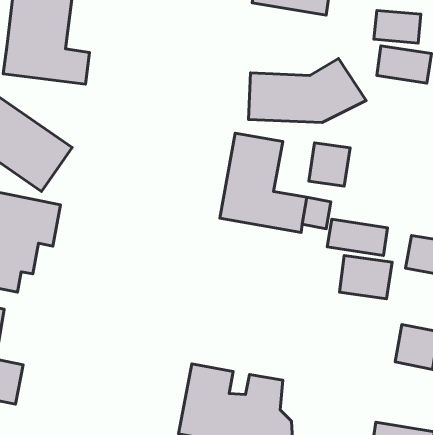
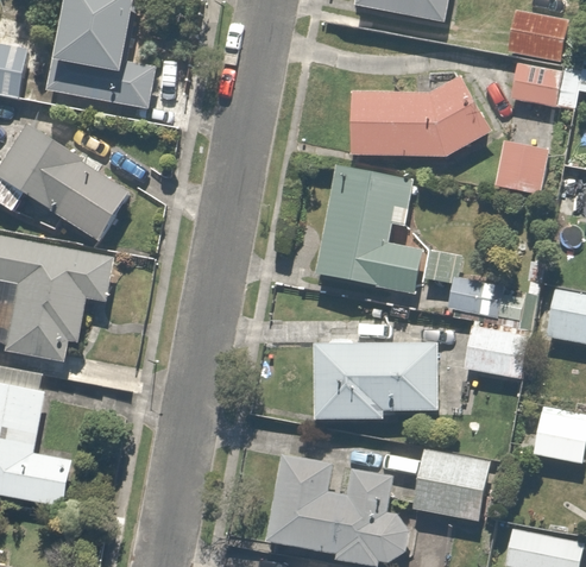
building: [309,143,350,186] -> [496,136,547,189]
building: none -> [314,342,437,420]
building: none -> [412,448,490,521]

